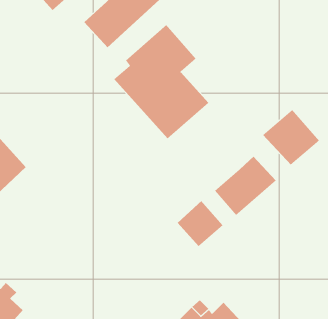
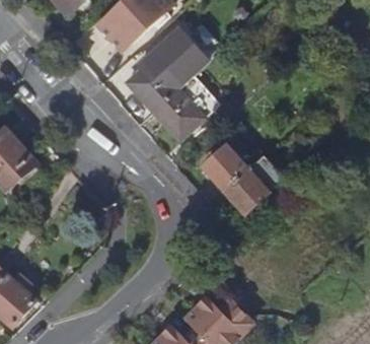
building: [262,109,320,166] -> none
building: [177,200,223,247] -> [204,143,249,189]

